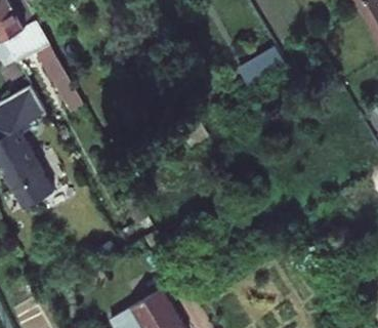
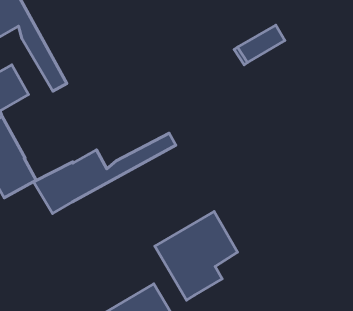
building: none -> [34,133,176,213]
building: none -> [155,211,237,300]

